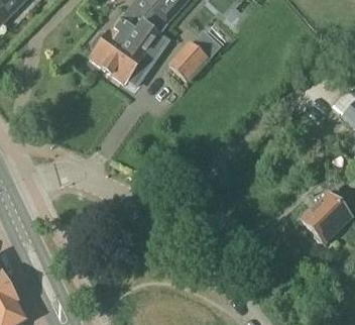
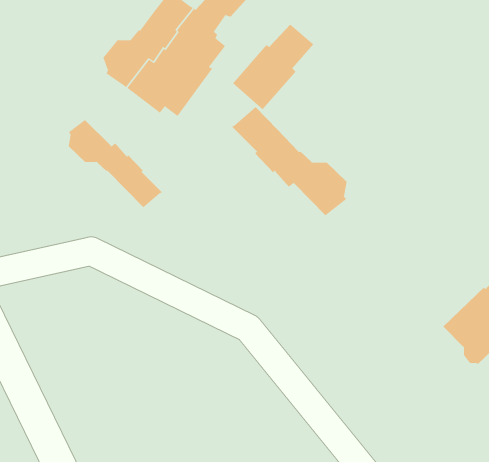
building: none -> [231,106,347,216]
building: none -> [68,119,163,208]

